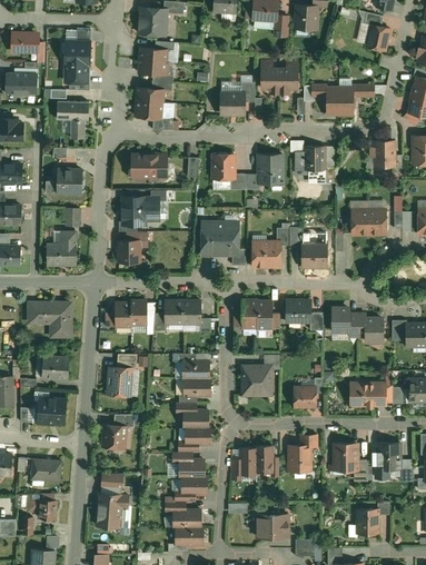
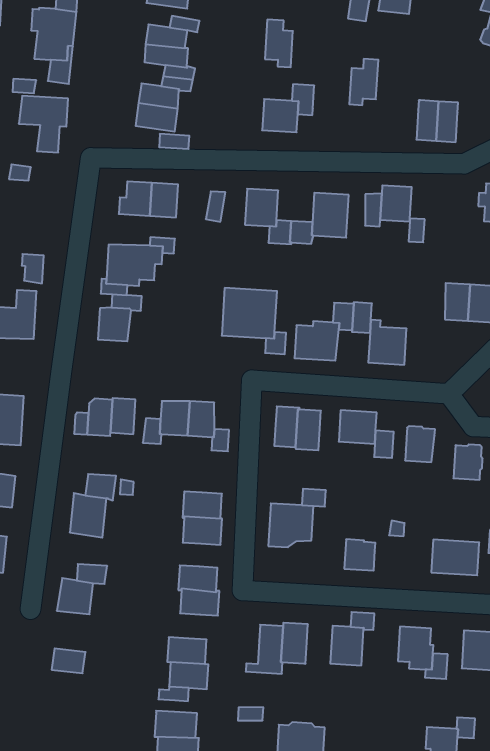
building: [261,62,279,93] -> [265,20,293,67]
building: [57,169,82,194] -> none
building: [97,494,128,528] -> none

